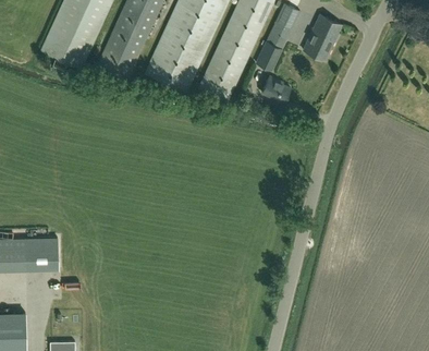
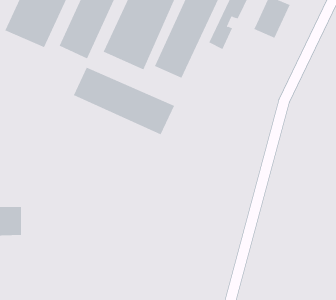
building: [261,75,292,102] -> none
building: none -> [73,67,175,135]

